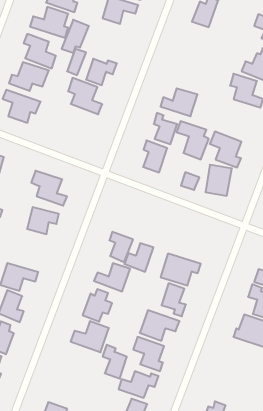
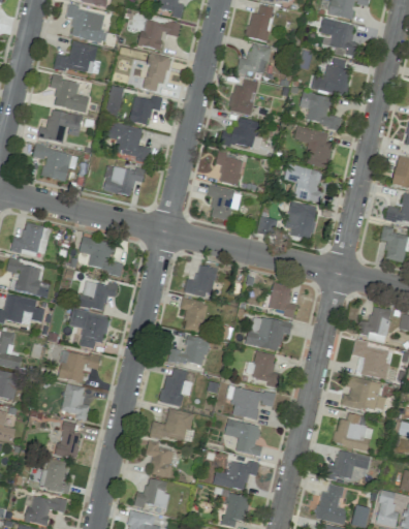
building: [62,20,89,53] -> [141,52,170,91]
building: none -> [235,42,270,74]
building: none -> [228,79,258,115]
building: none -> [102,165,144,195]
building: [176,121,209,159] -> [293,126,333,168]
building: none -> [266,282,295,315]
building: none -> [68,308,108,348]
building: [124,243,153,272] -> [183,264,215,298]
building: none -> [333,412,372,450]
building: [103,345,127,379] -> [145,439,174,477]
building: none -> [323,449,370,479]
building: none -> [133,477,168,507]

